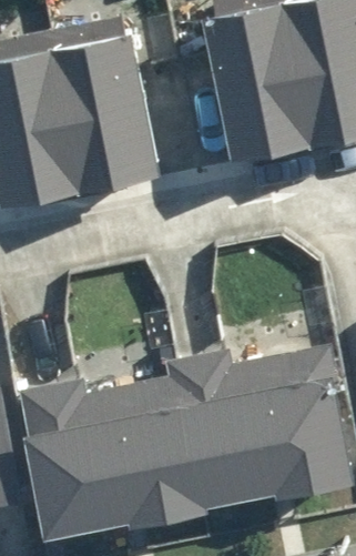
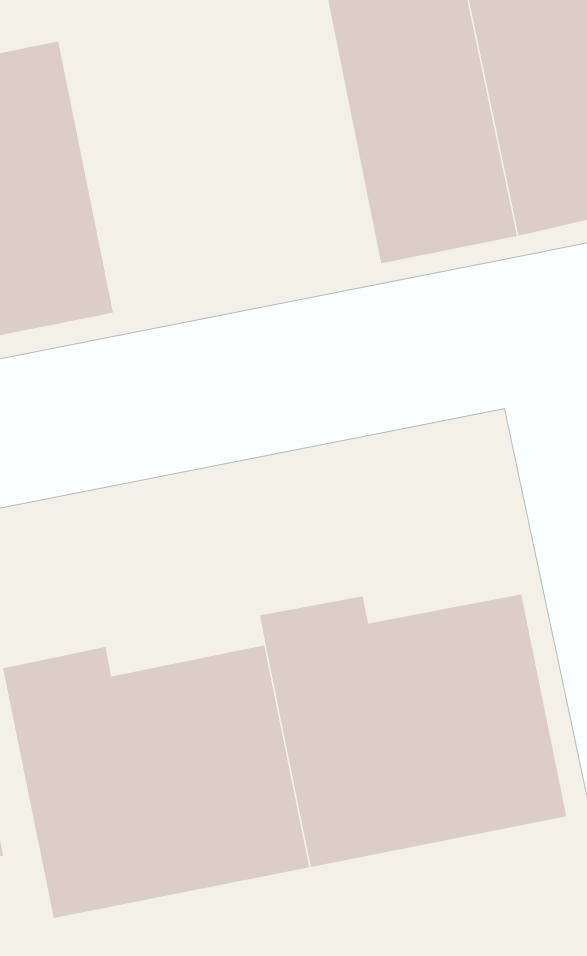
building: [51,20,159,191] -> none

